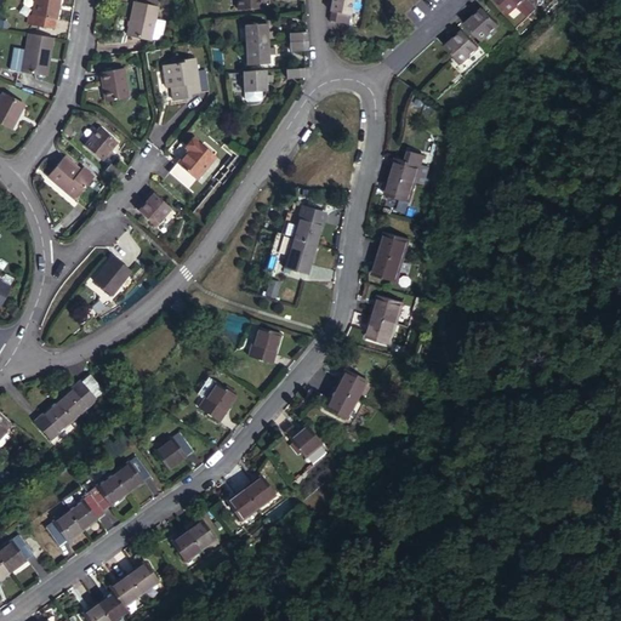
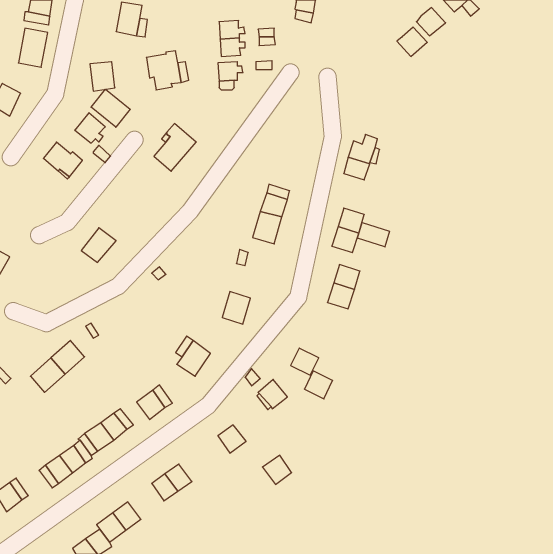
building: none -> [91,89,130,127]
building: [138,193,171,226] -> none
building: none -> [358,223,389,247]
building: [335,369,366,400] -> [304,371,333,399]
building: [224,488,257,520] -> [262,455,292,484]

